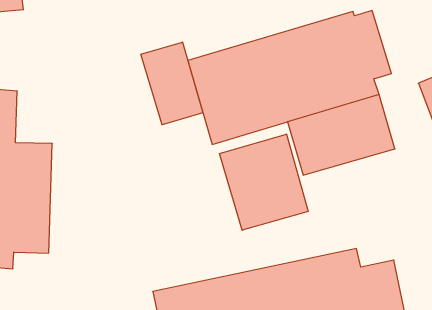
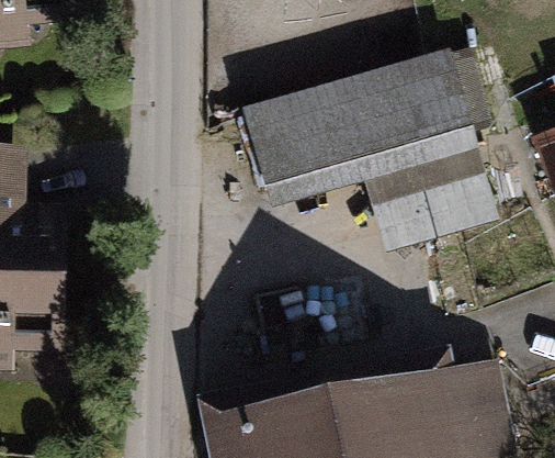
building: [141,42,203,125] -> none
building: [219,134,308,230] -> none

